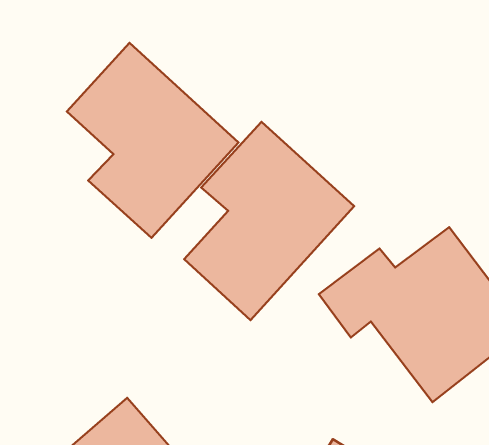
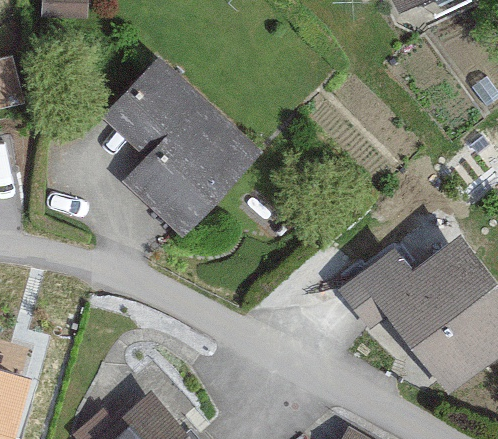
building: [184,122,354,320] -> none

